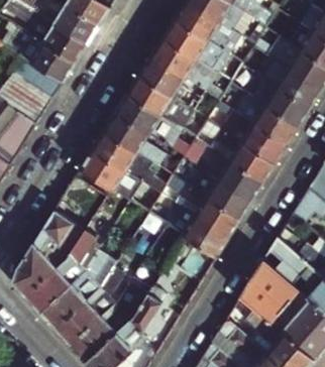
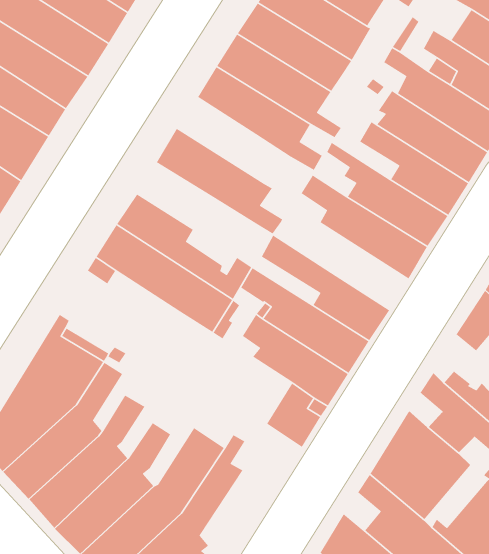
building: [127,76,194,129] -> none
building: [104,114,184,175] -> none
building: [189,139,263,201] -> none

